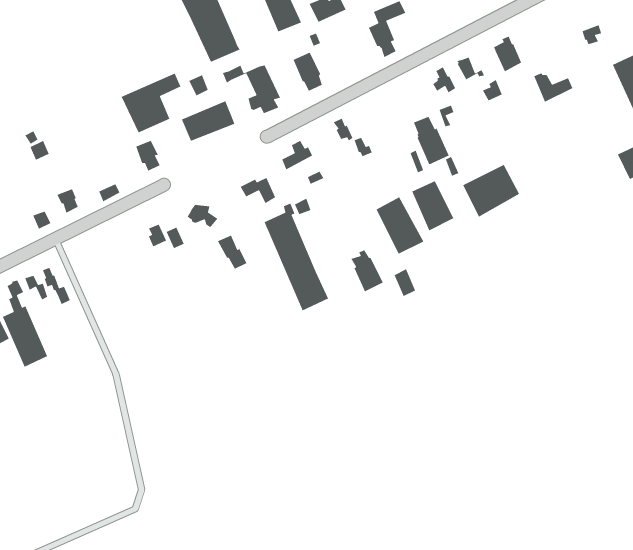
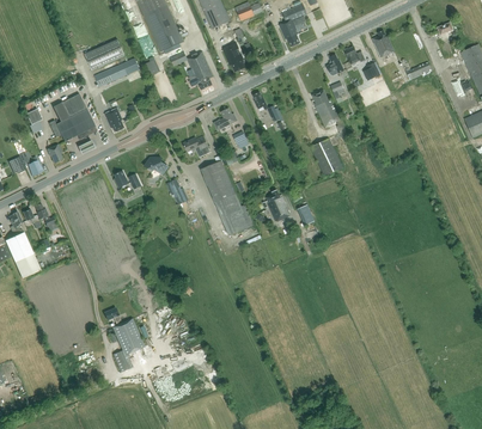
building: [181,100,236,142] -> [85,39,126,71]
building: none -> [49,94,98,141]
building: [462,164,520,218] -> none
building: [375,196,425,255] -> none
building: none -> [103,308,144,374]

